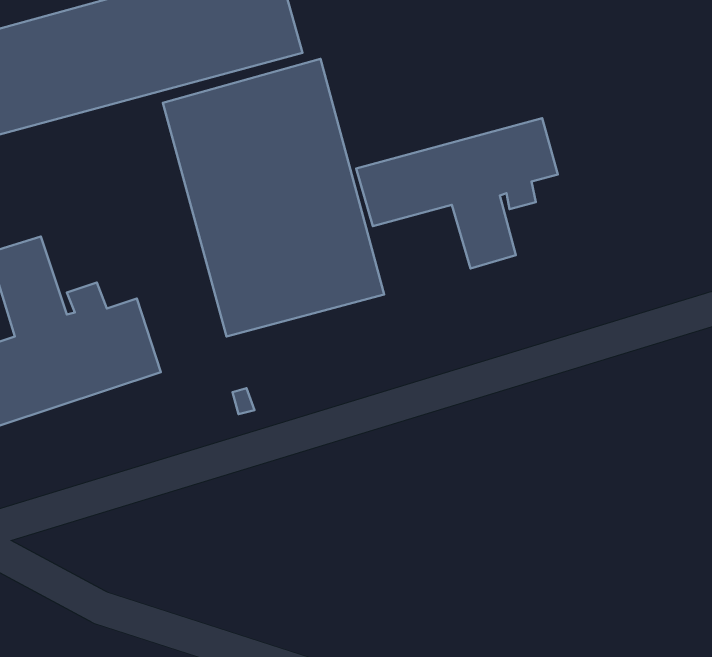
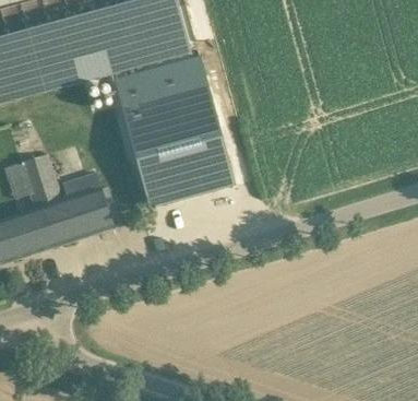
building: [356,118,558,268] -> none

